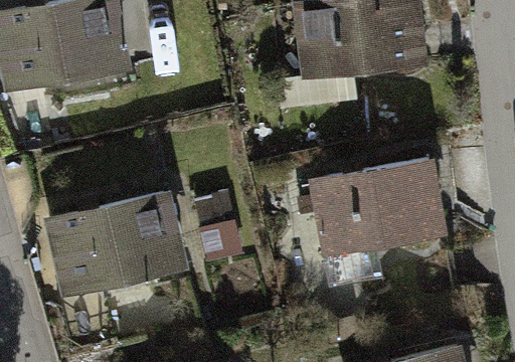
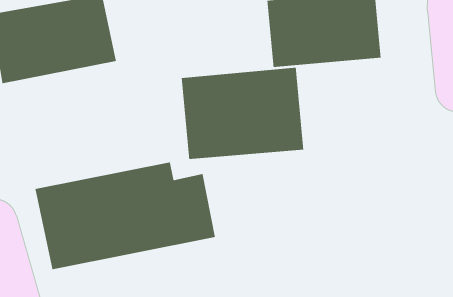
building: none -> [181,67,304,160]
building: [309,159,445,285] -> none

